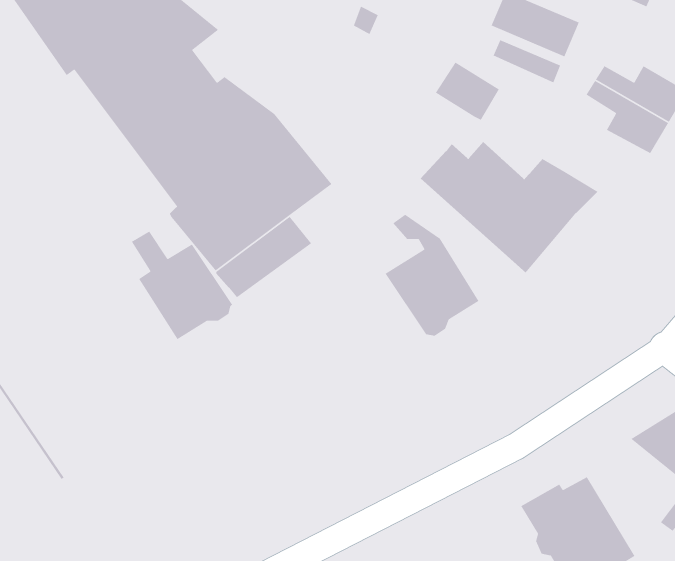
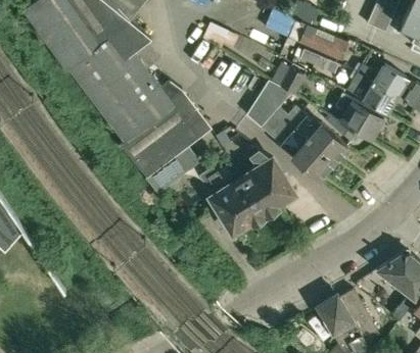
building: none -> [246,80,290,127]
building: none -> [335,94,383,140]
building: [131,230,233,340] -> [207,171,264,232]

